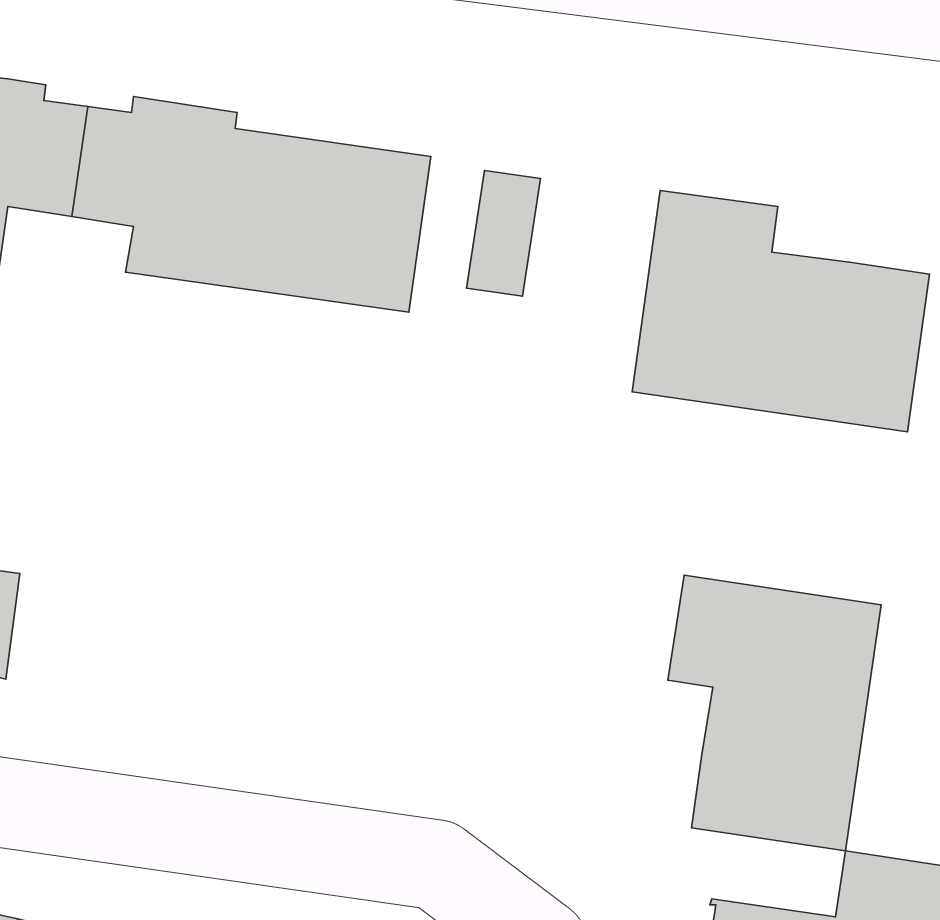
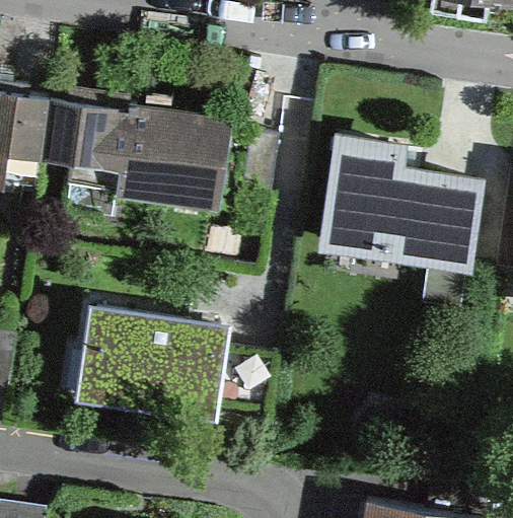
building: none -> [80,311,275,425]
building: [668,575,881,851] -> none

